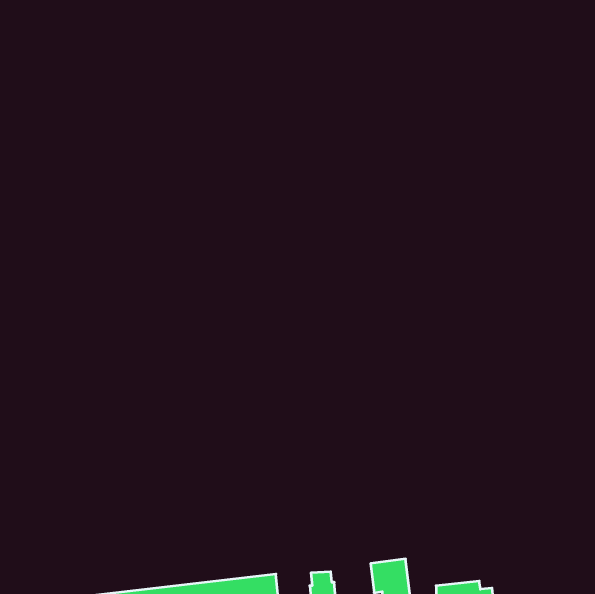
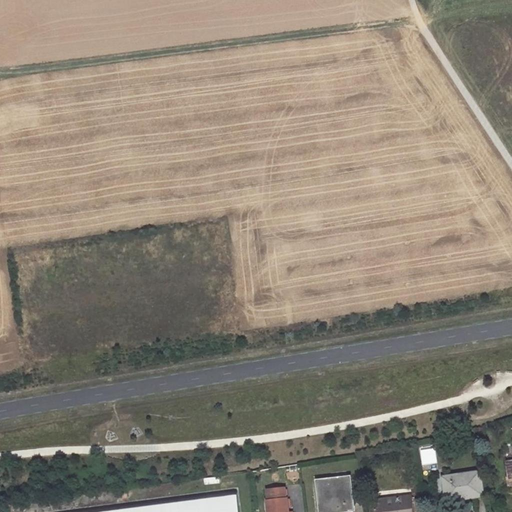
building: none -> [442,475,482,502]

